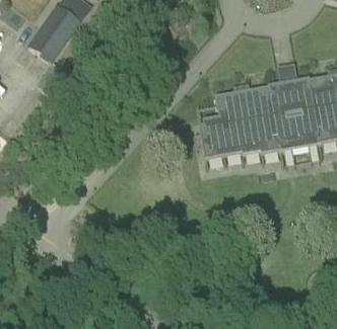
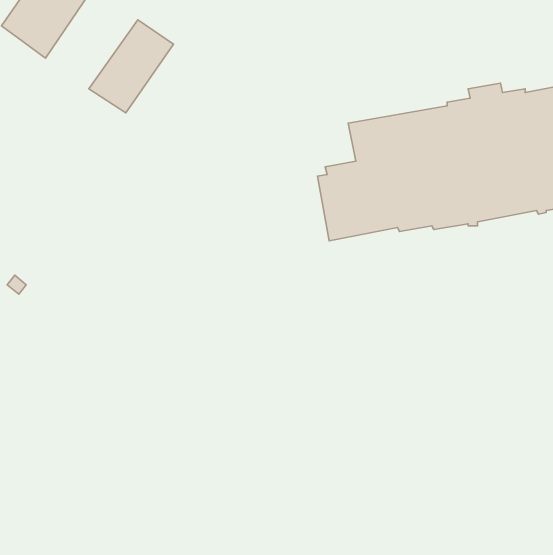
building: none -> [89,20,173,113]

